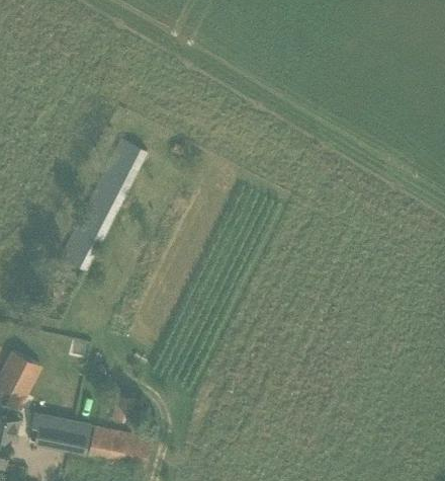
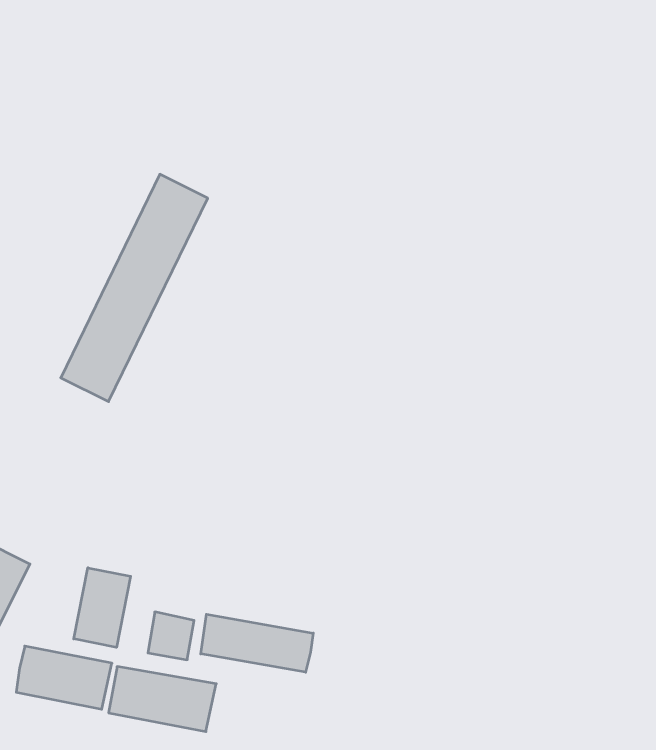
building: none -> [74,568,131,647]
building: none -> [201,614,313,672]

